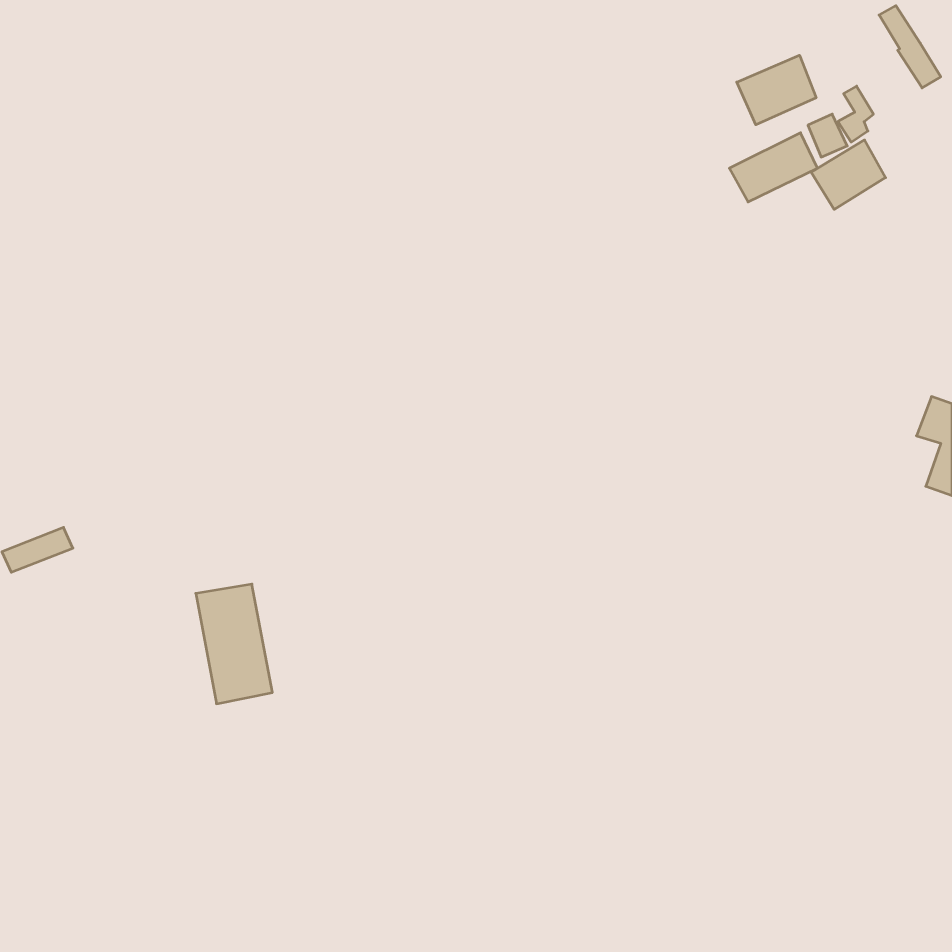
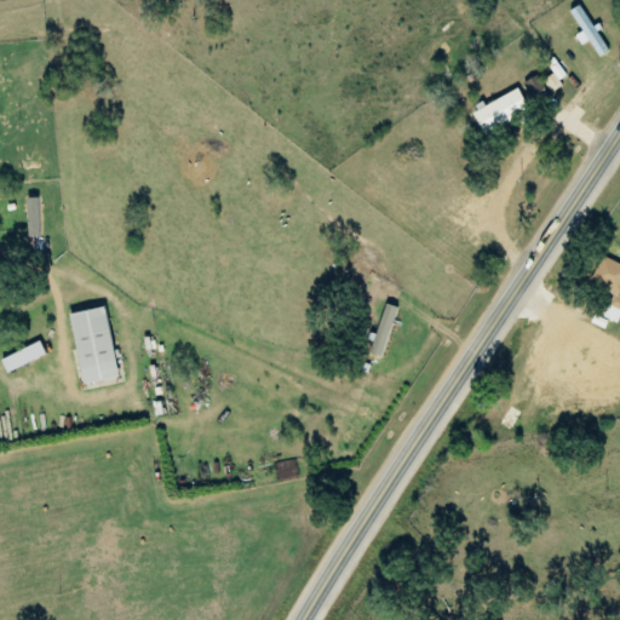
building: [737,55,816,125] -> none
building: [811,140,886,209] -> none
building: [196,584,272,704] -> [70,306,120,384]

